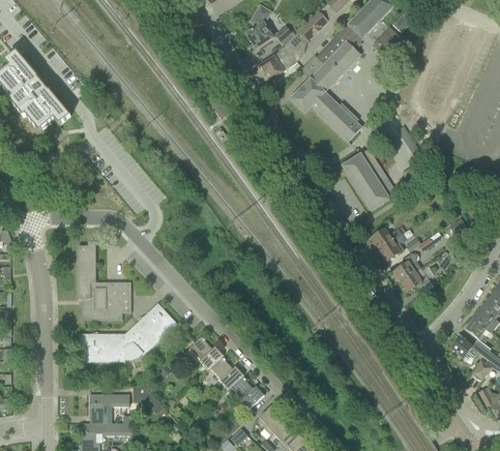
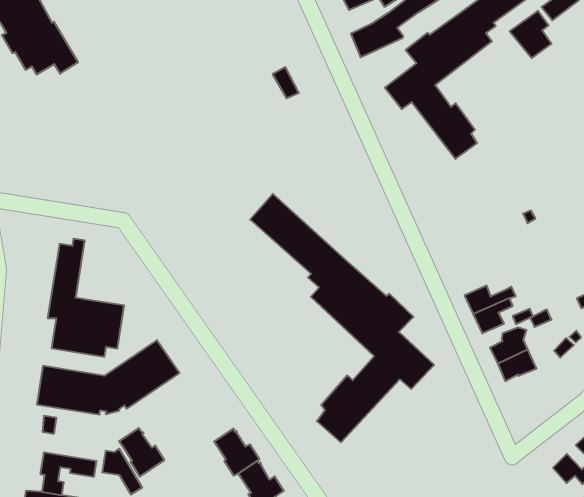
building: [342,148,396,210] -> none
building: none -> [250,194,434,442]
building: [188,335,223,369] -> [119,428,164,477]

